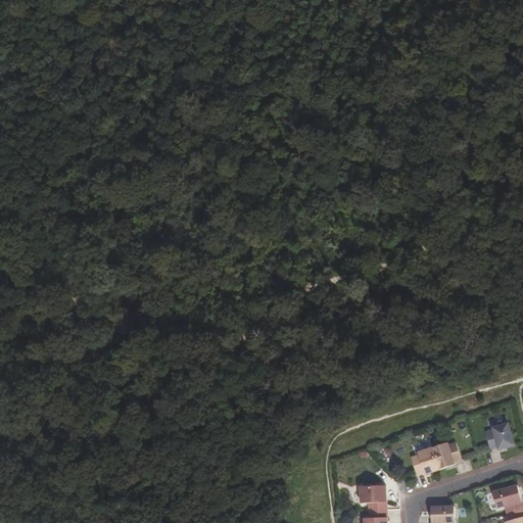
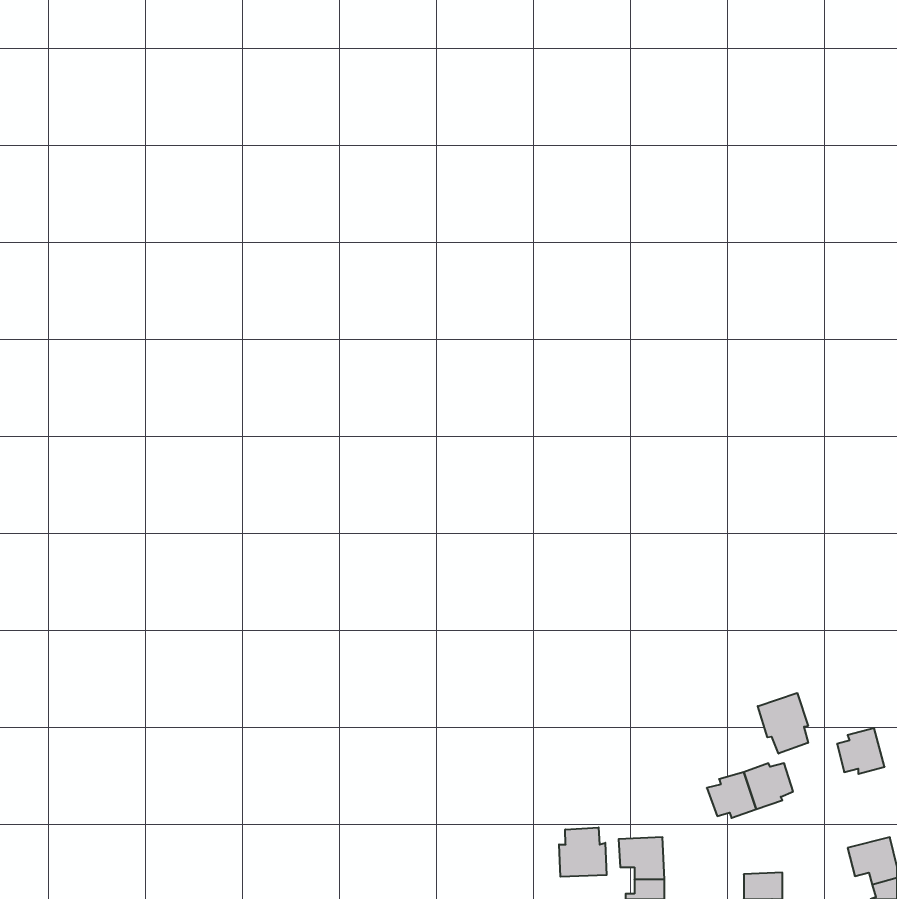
building: none -> [758,693,808,754]
building: none -> [559,827,607,877]

